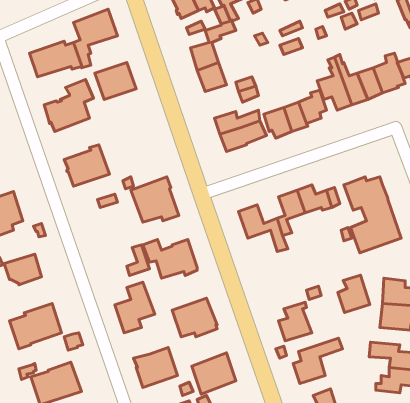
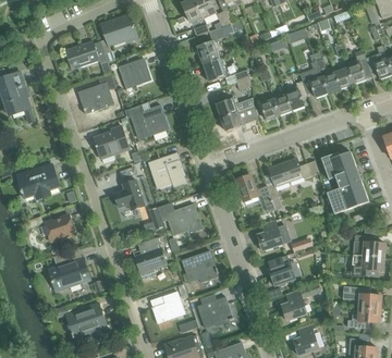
building: none -> [124,104,168,139]
building: none -> [114,180,145,209]
building: [338,275,370,312] -> [256,220,282,250]

